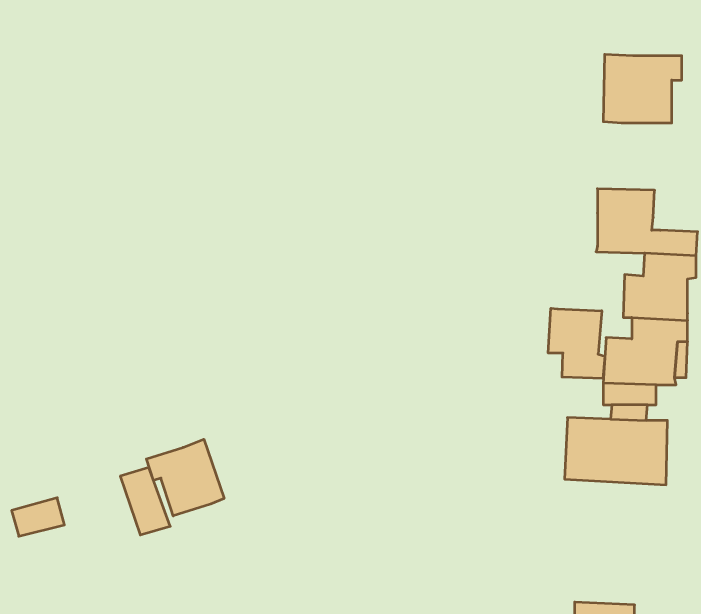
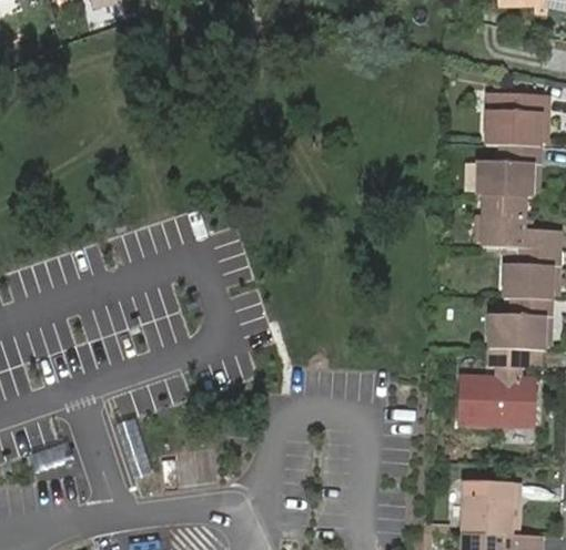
building: none -> [477,146,540,198]
building: [548,308,605,379] -> none
building: [146,439,224,516] -> none
building: none -> [464,482,518,520]

